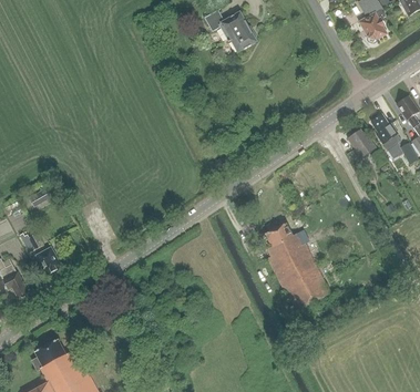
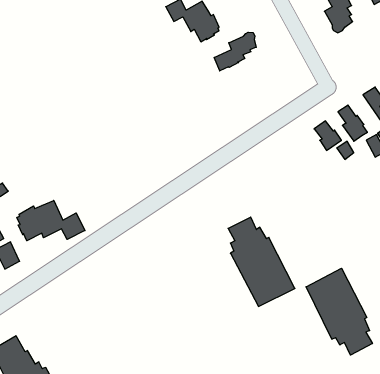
building: none -> [214,32,256,71]
building: none -> [17,200,85,241]
building: none -> [306,268,372,355]

